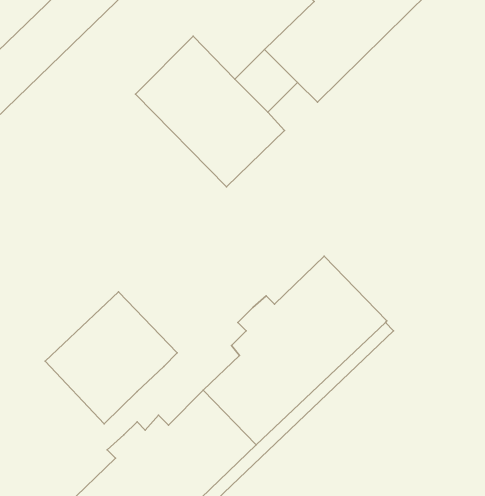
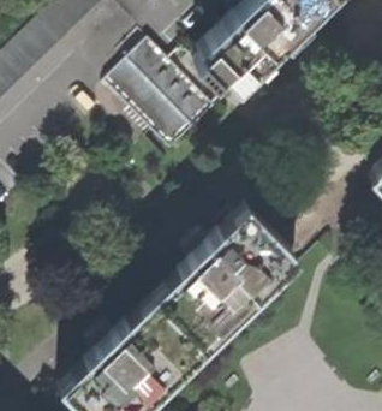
building: [45,292,177,424] -> none

